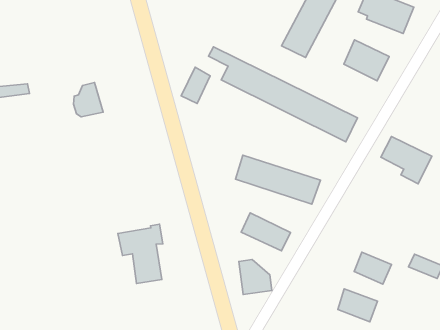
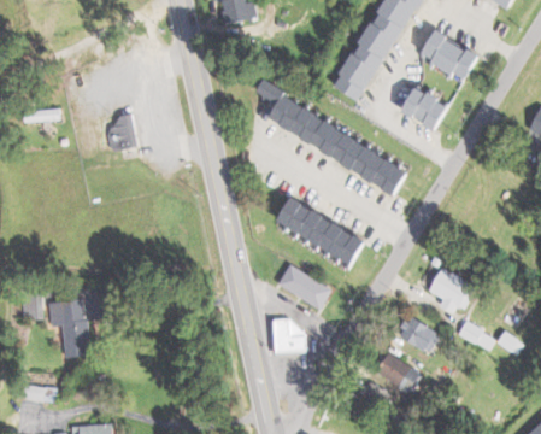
building: [181,67,210,104] -> none
building: [381,136,432,184] -> [417,263,472,316]
building: [118,224,163,283] -> [46,295,94,358]

